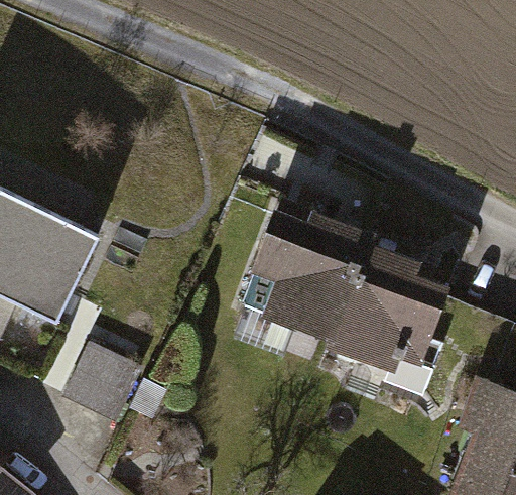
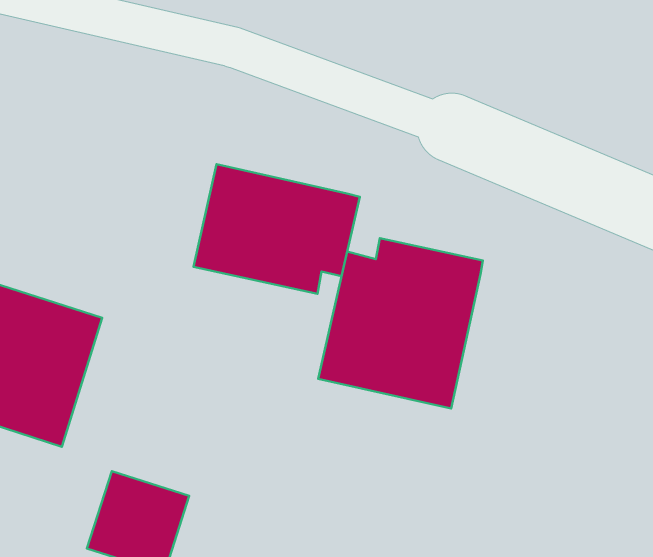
building: none -> [194,164,360,294]
building: [328,247,444,397] -> none

